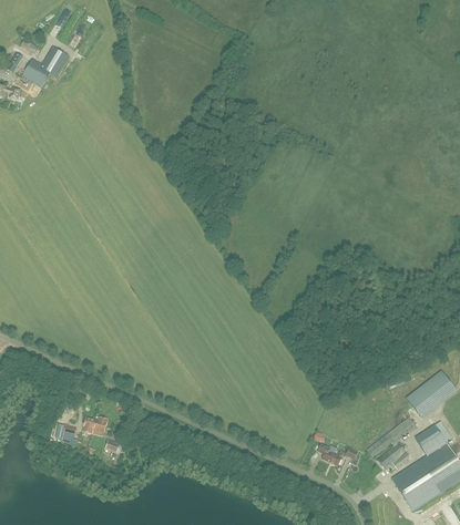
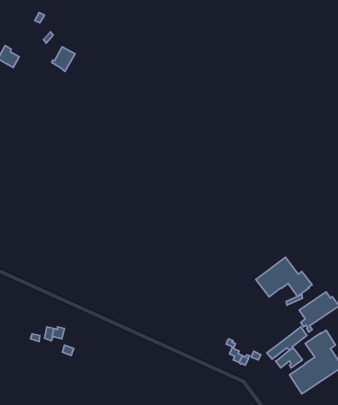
building: [39,48,69,79] -> [52,47,75,71]
building: none -> [256,257,312,297]

